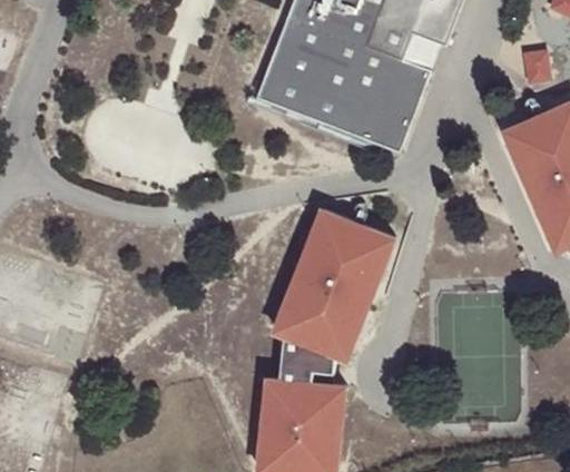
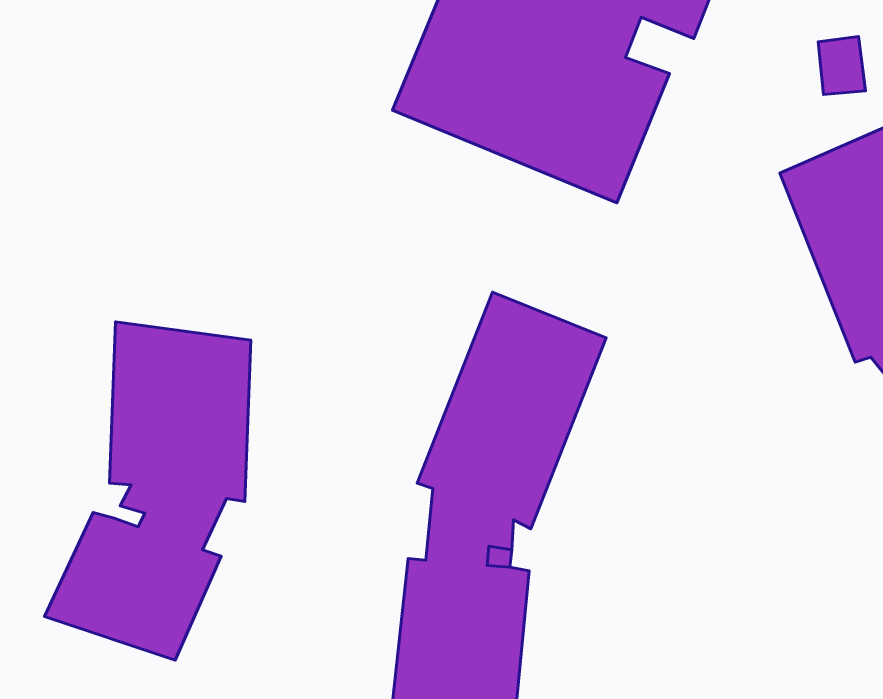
building: none -> [45,322,251,660]

